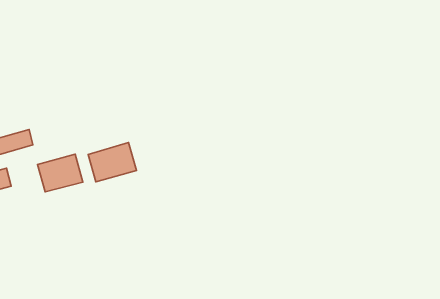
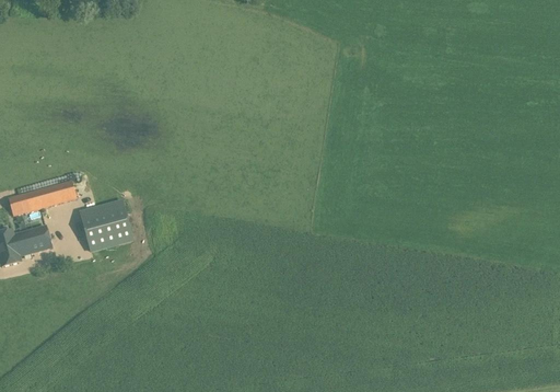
building: [88,143,136,182] -> none

